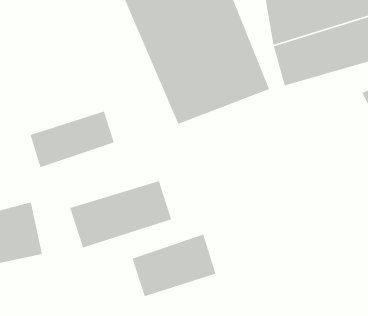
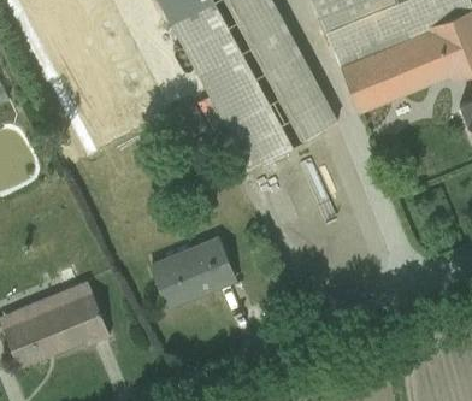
building: [30,111,115,168] -> none
building: [132,233,216,297] -> none

